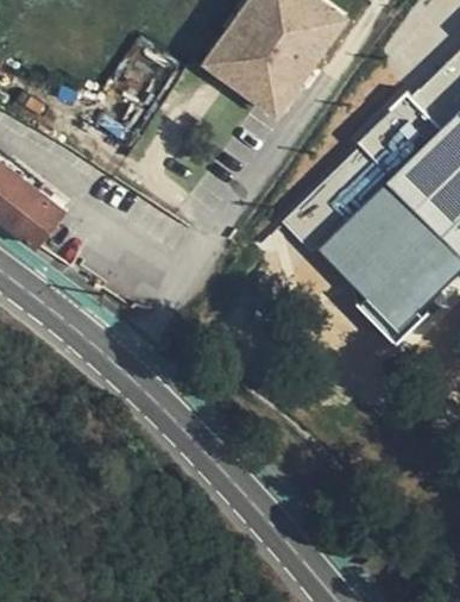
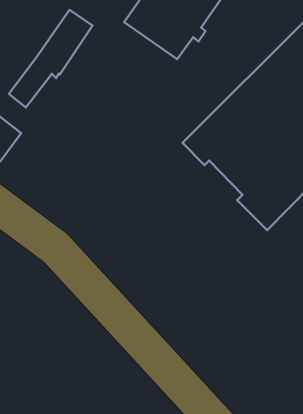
building: none -> [9,10,93,107]

